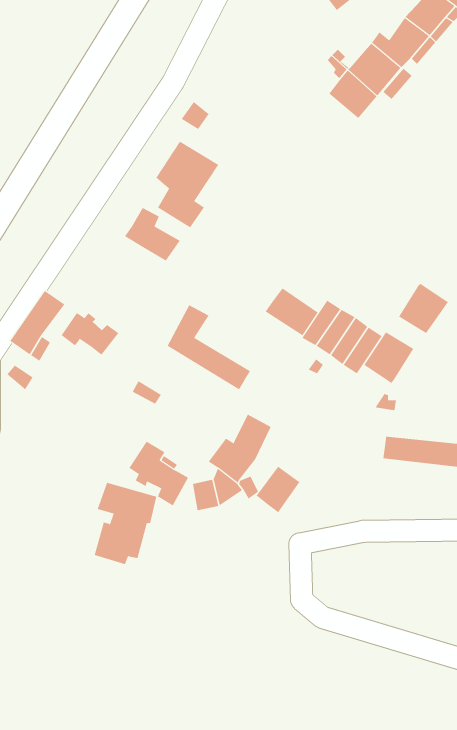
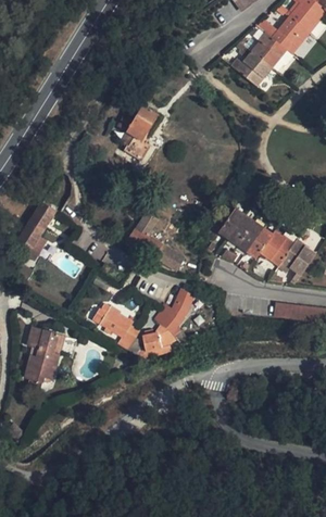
building: [124,207,180,262] -> none
building: [398,283,449,334] -> [281,240,316,275]
building: [265,288,319,336] -> none
building: [61,312,119,356] -> none
building: [256,466,300,513] -> none
building: [94,482,157,565] -> [23,327,66,383]

